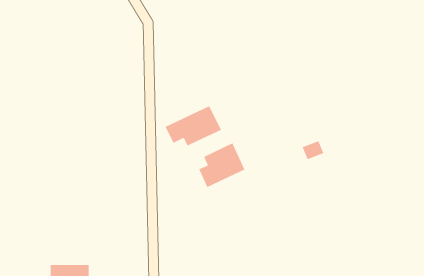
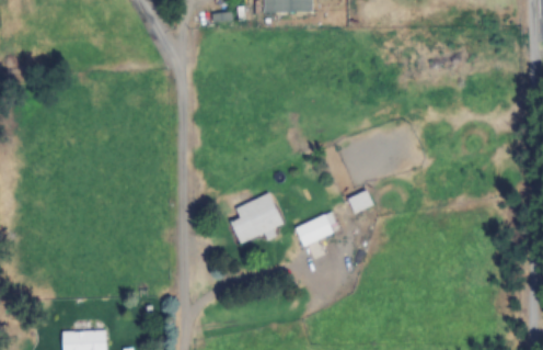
building: [165,105,222,146] -> none
building: none -> [296,213,340,246]

